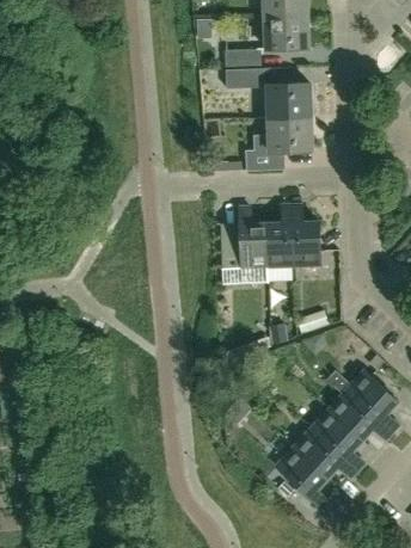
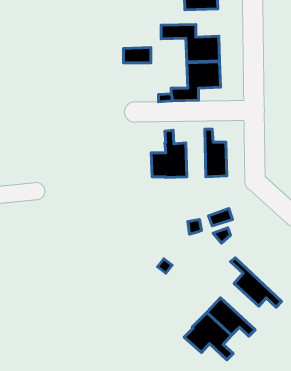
building: [223,48,259,68] -> [123,47,151,63]
building: [265,204,292,266] -> none
building: [330,368,398,430] -> none
building: [311,406,362,467] -> none

